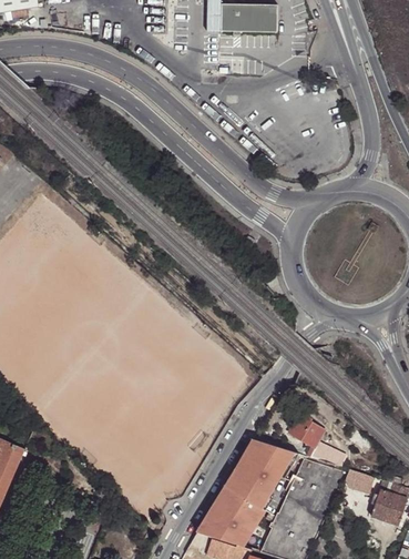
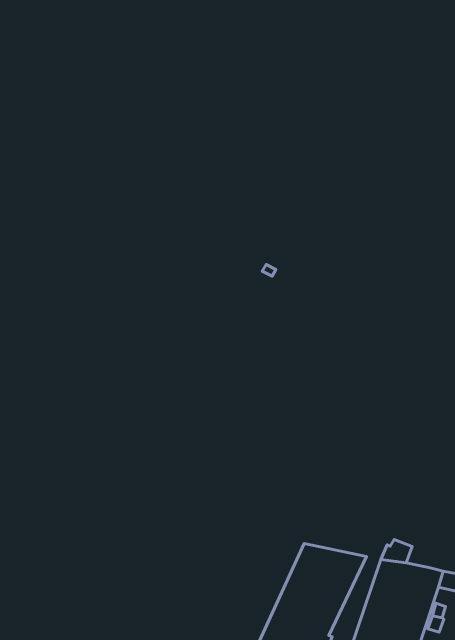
building: [290,415,324,448] -> none

